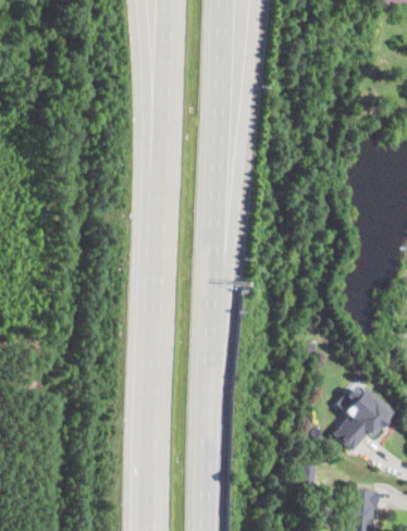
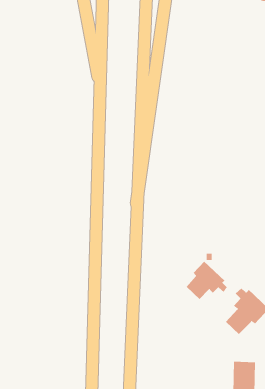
building: none -> [186,261,227,300]

